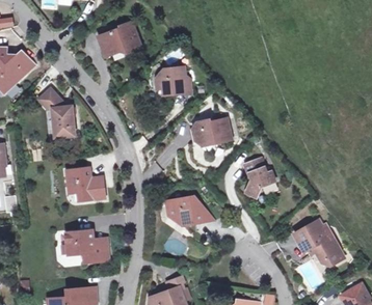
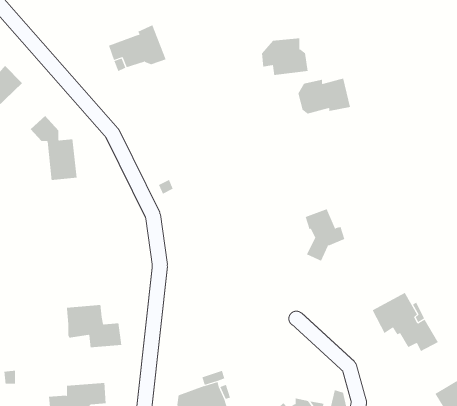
building: [156,66,191,94] -> [261,38,309,75]
building: [192,117,232,144] -> [298,78,351,114]
building: [67,167,105,200] -> none
building: [165,196,212,224] -> none

